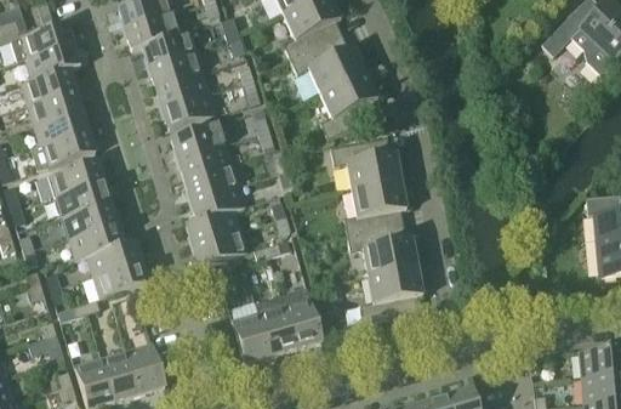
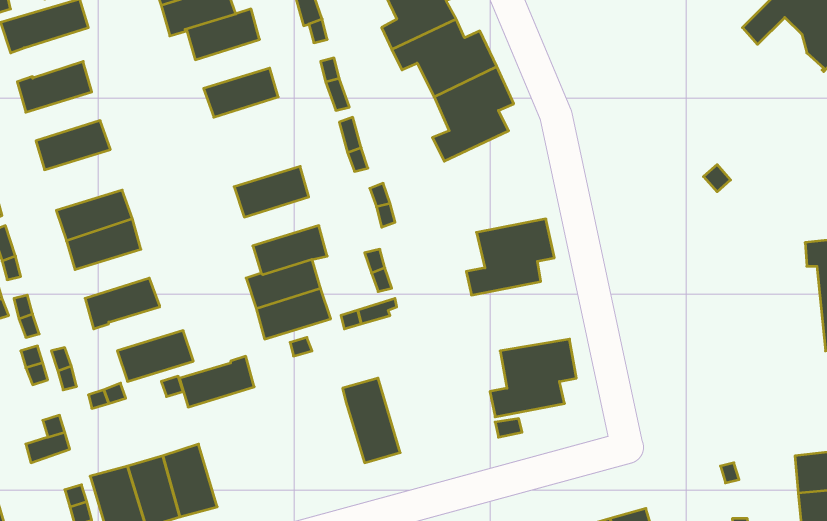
building: [27,44,80,80] -> none
building: [149,52,203,87] -> none
building: [28,90,81,125] -> none
building: [163,93,216,130] -> none
building: [171,123,224,158] -> none
building: [41,131,95,167] -> none
building: [330,138,400,191] -> none
building: [184,165,238,200] -> none
building: [63,203,116,238] -> none
building: [347,226,417,275] -> none
building: [87,239,141,275] -> [180,356,254,407]
building: [280,288,323,348] -> none
building: [232,312,270,364] -> none

